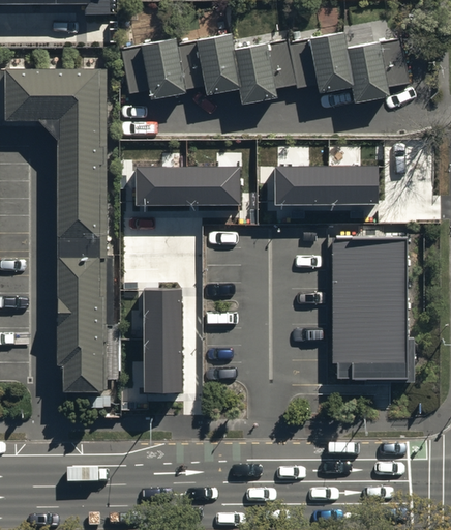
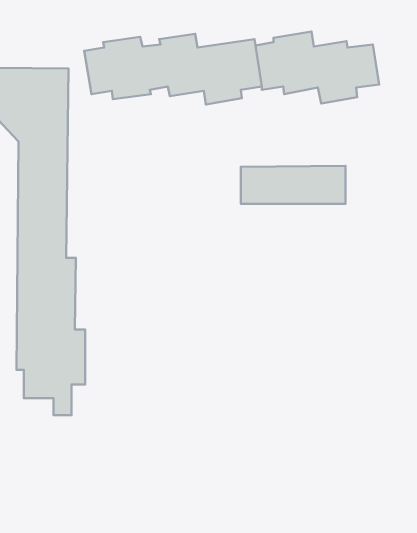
building: [136,166,239,204] -> none
building: [332,237,404,377] -> none
building: [143,288,181,390] -> none

